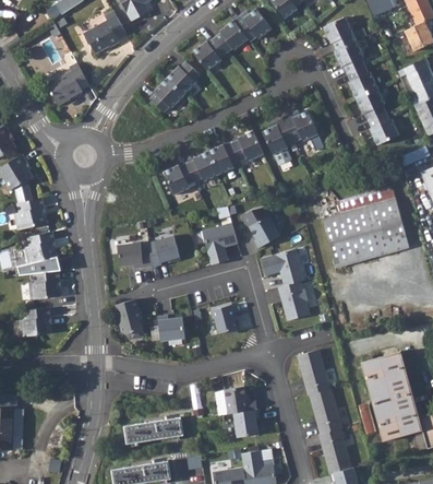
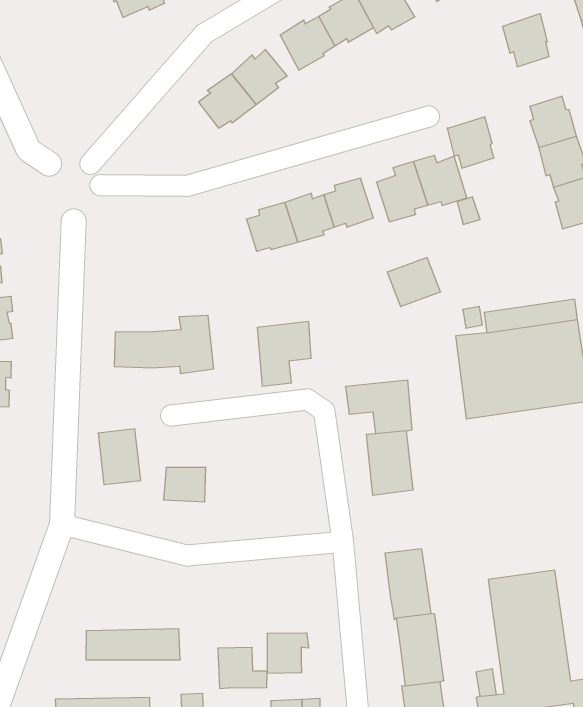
building: [336,42,366,74] -> [447,117,494,168]
building: [48,61,89,104] -> none
building: [165,165,195,197] -> none
building: [248,214,281,246] -> [387,258,441,307]
building: [211,306,236,334] -> none
building: [222,387,255,414] -> [218,647,267,688]

